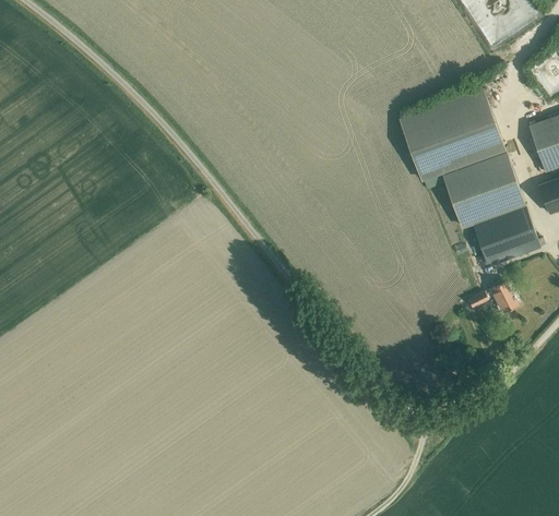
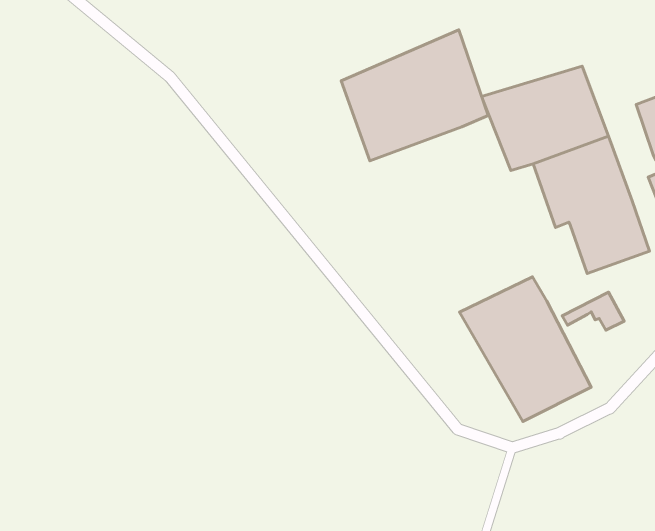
building: none -> [341,30,488,161]
building: none -> [460,277,591,422]

